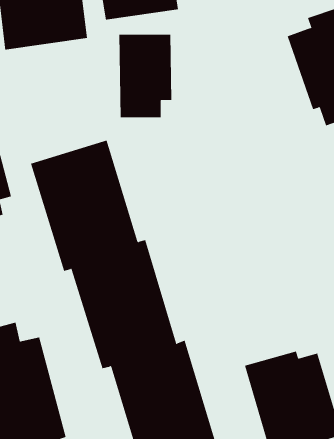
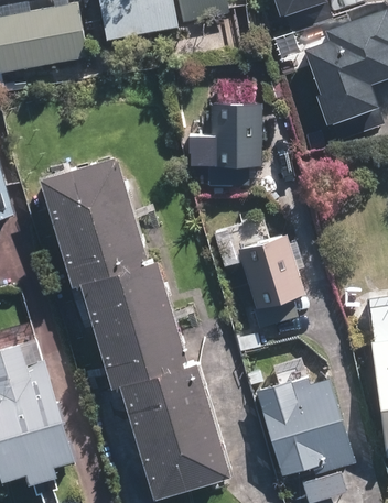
building: [119,34,172,118] -> [211,101,266,187]
building: none -> [215,217,309,329]

